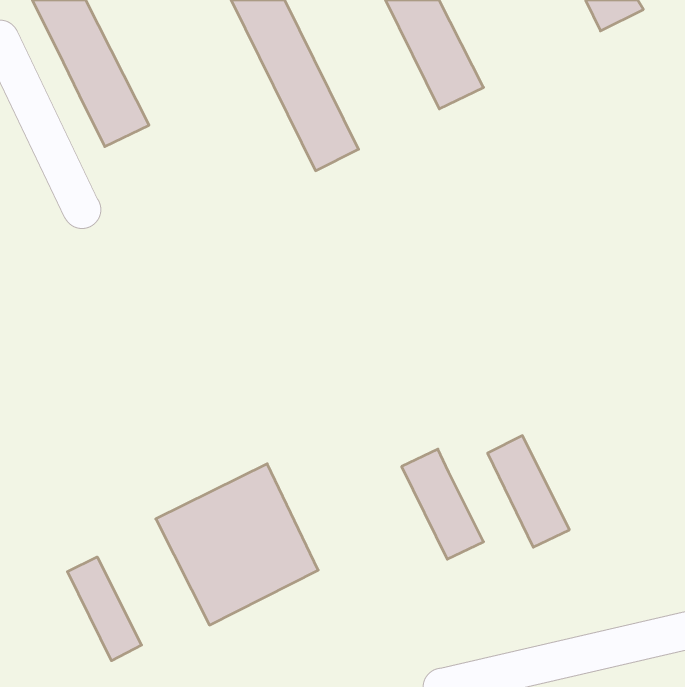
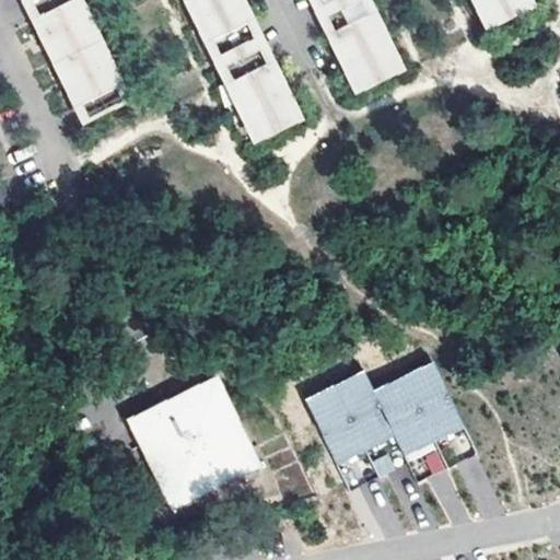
building: none -> [366,369,435,460]
building: none -> [300,380,365,469]
building: [67,557,142,661] -> none

